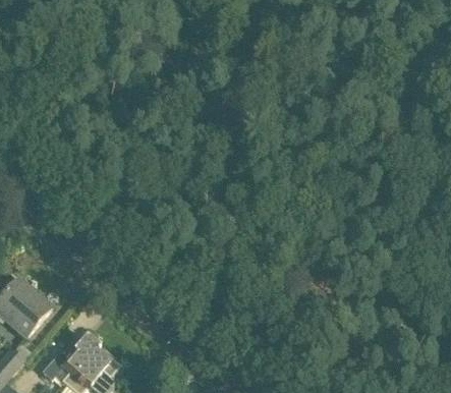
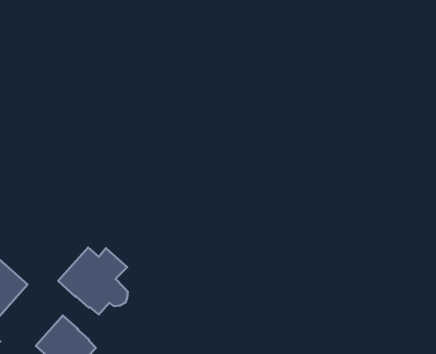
building: none -> [58,247,128,315]

